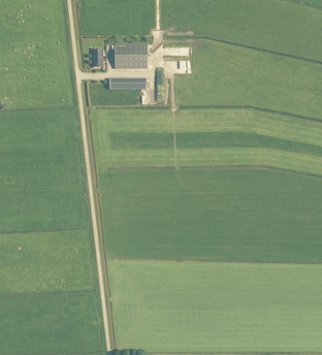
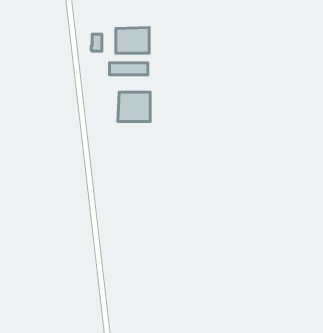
building: none -> [118,92,150,122]

